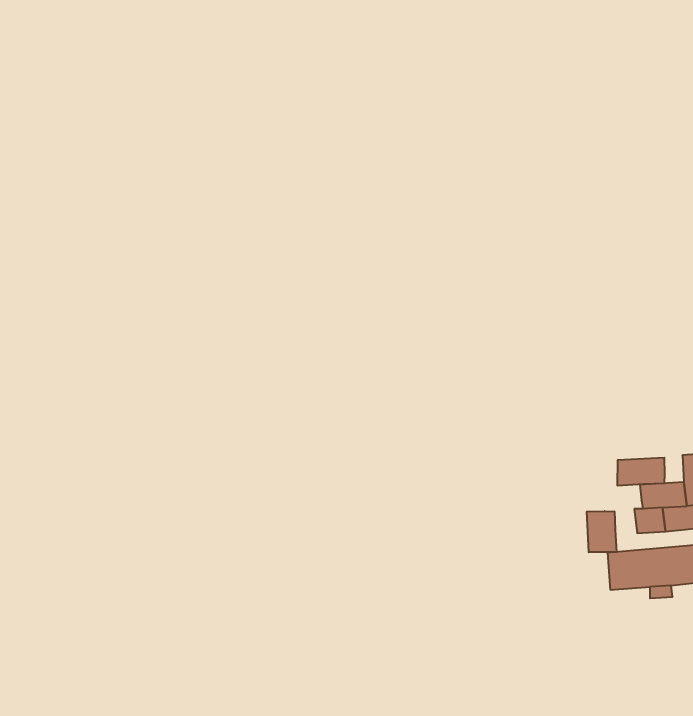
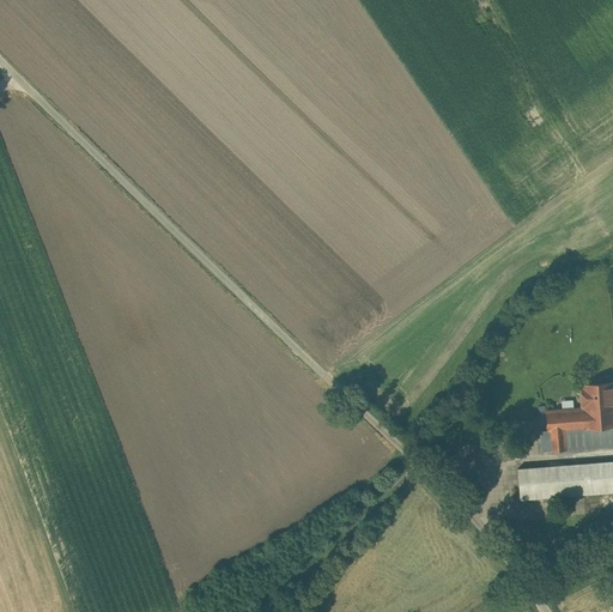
building: [618,458,665,486] -> none
building: [587,511,616,552] -> none

